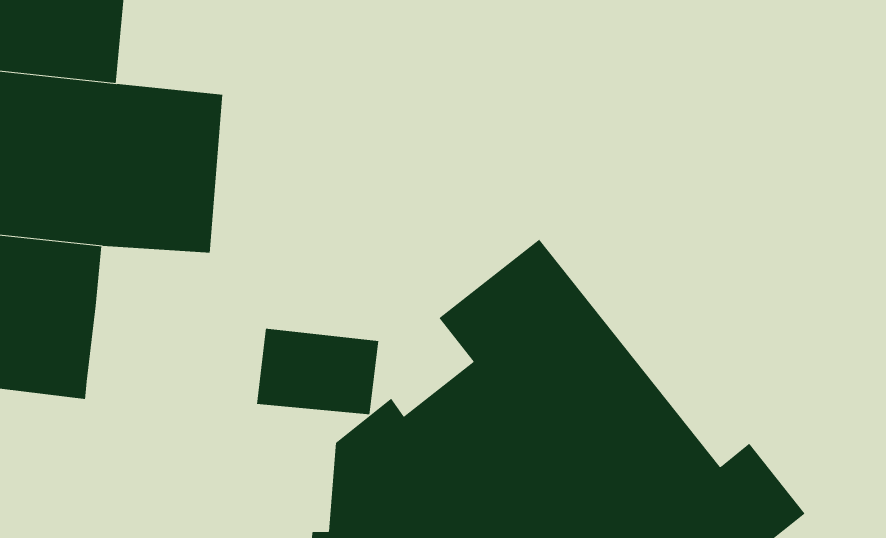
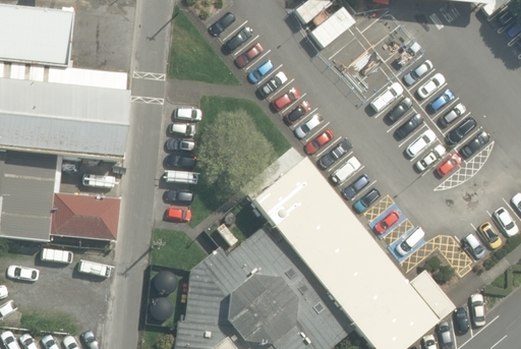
building: [256,328,379,415] -> [50,192,119,241]

